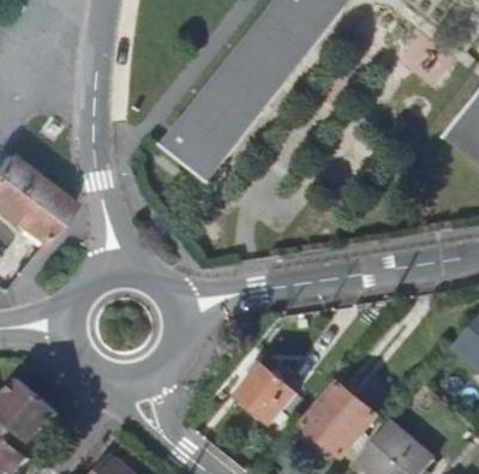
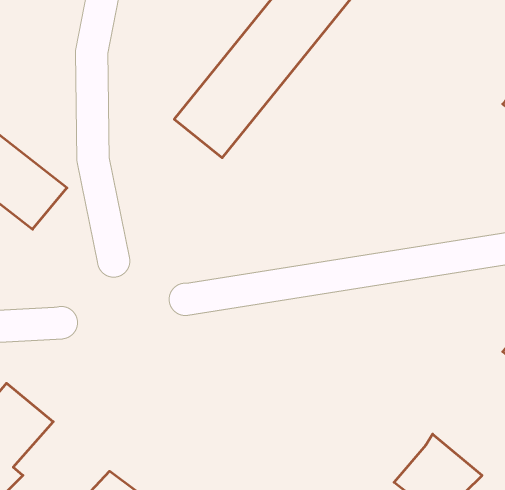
building: [236,364,294,421] -> none
building: [301,382,376,457] -> none

